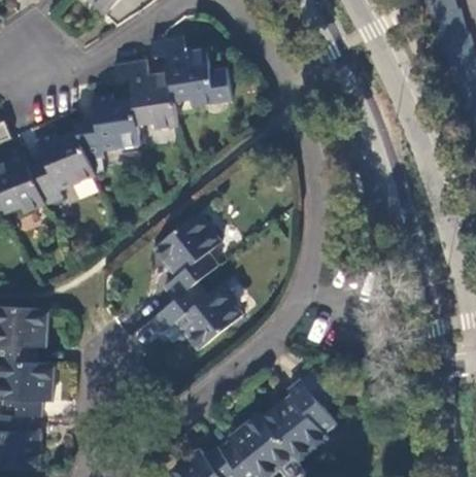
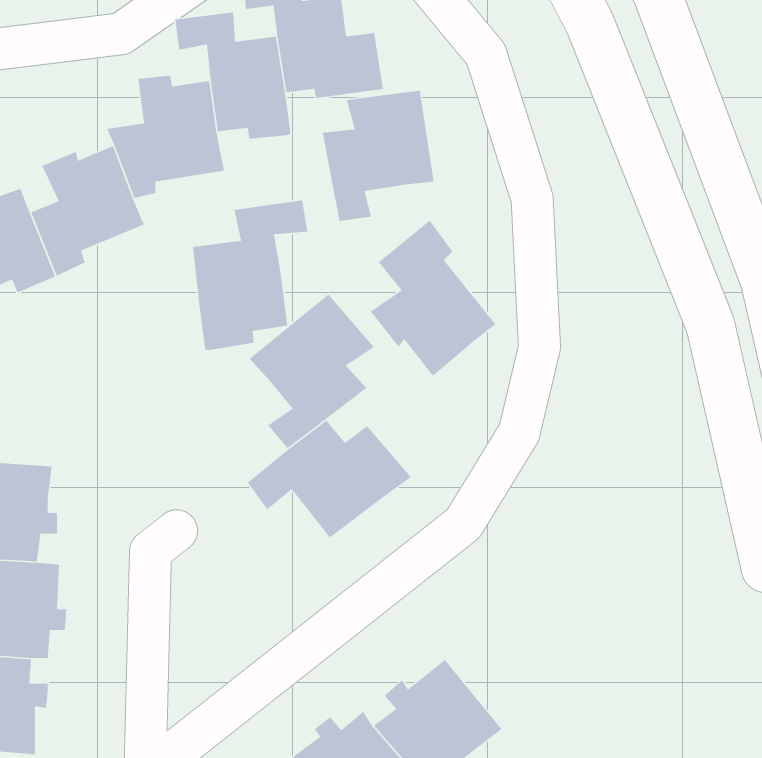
building: none -> [322,90,435,222]
building: none -> [192,199,308,351]
building: none -> [370,220,496,377]
building: [265,370,335,461] -> none

